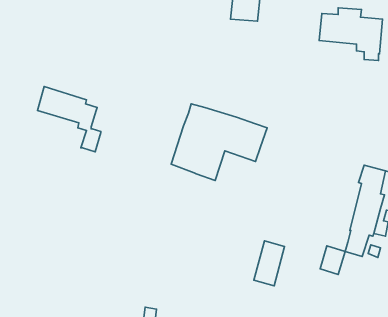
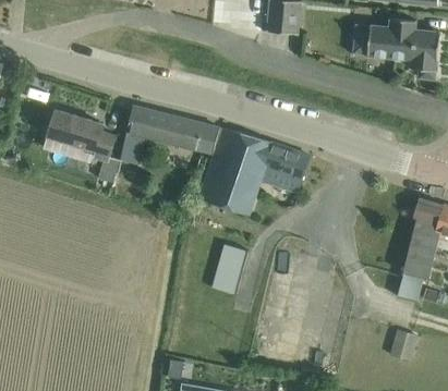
building: none -> [119,106,218,164]
building: [254,241,285,286] -> [210,244,245,295]
building: [320,246,345,275] -> [389,329,417,362]

